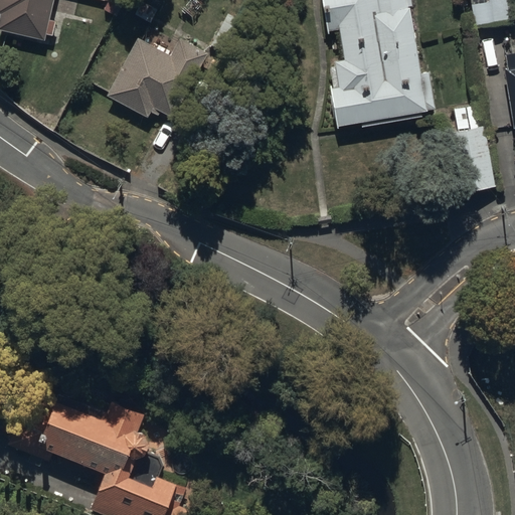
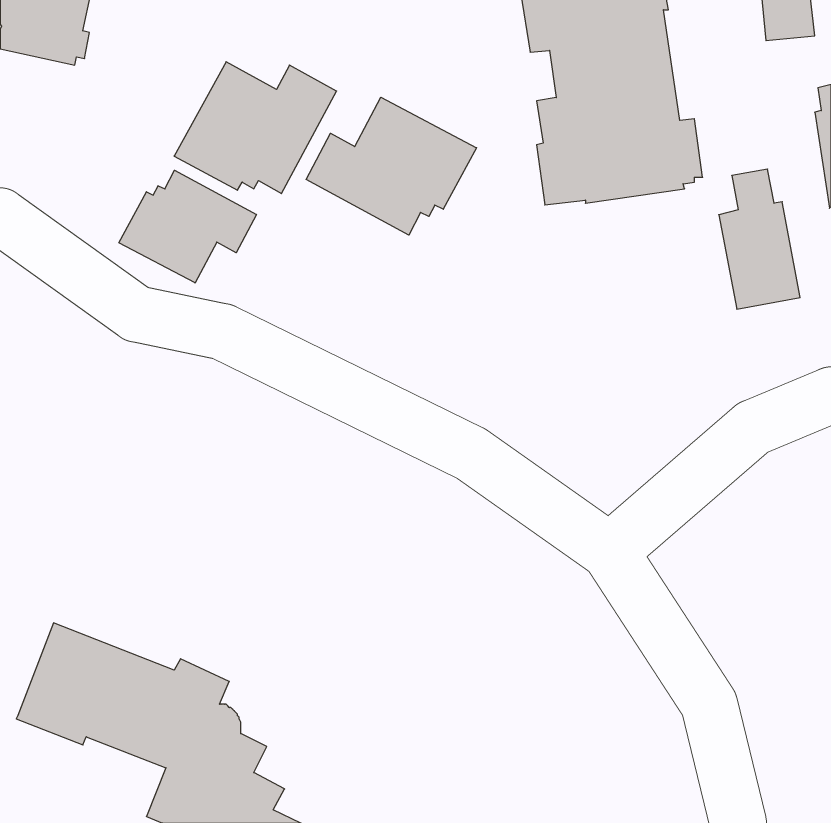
building: none -> [306,97,477,235]
building: none -> [119,170,256,283]

